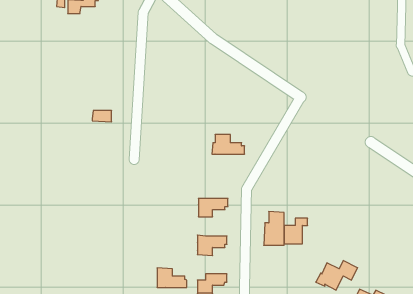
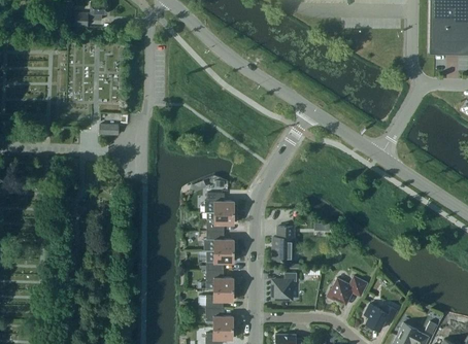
building: [212,135,245,154] -> [204,194,237,213]
building: none -> [204,232,236,251]
building: [284,218,308,244] -> [273,274,297,300]
building: [157,268,187,287] -> [206,270,236,289]

